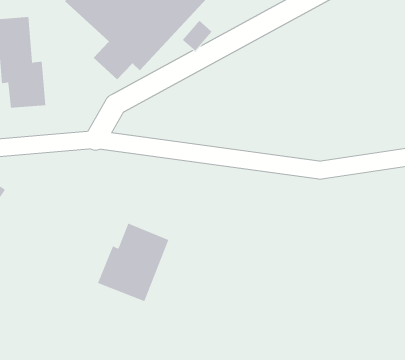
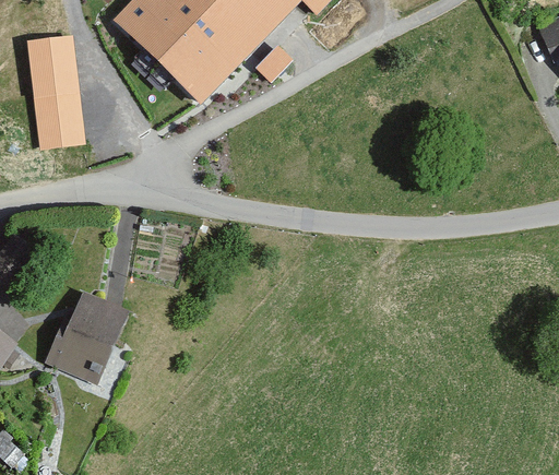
building: [97,223,169,302] -> [44,287,131,383]

